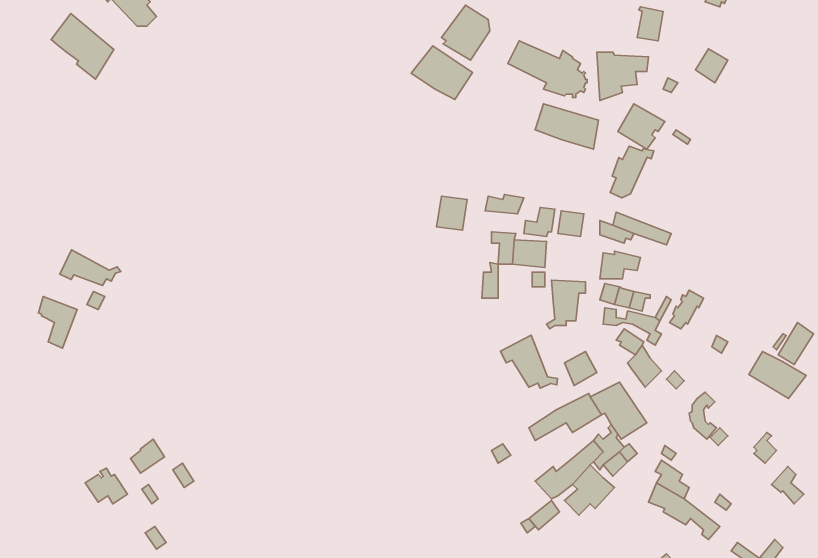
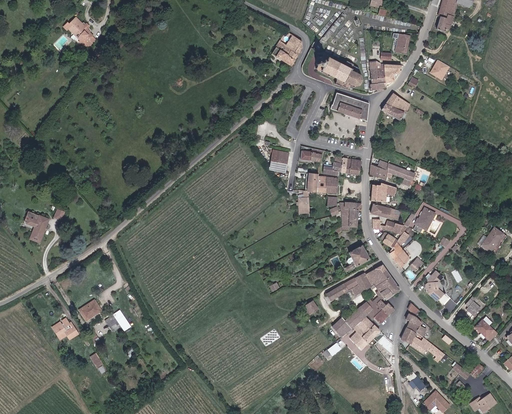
building: [51,14,114,79] -> none
building: [411,46,472,100] -> none
building: [610,146,654,198] -> none
building: [60,250,121,286] -> none
building: [500,335,558,388] -> none
building: [749,351,806,399] -> none

